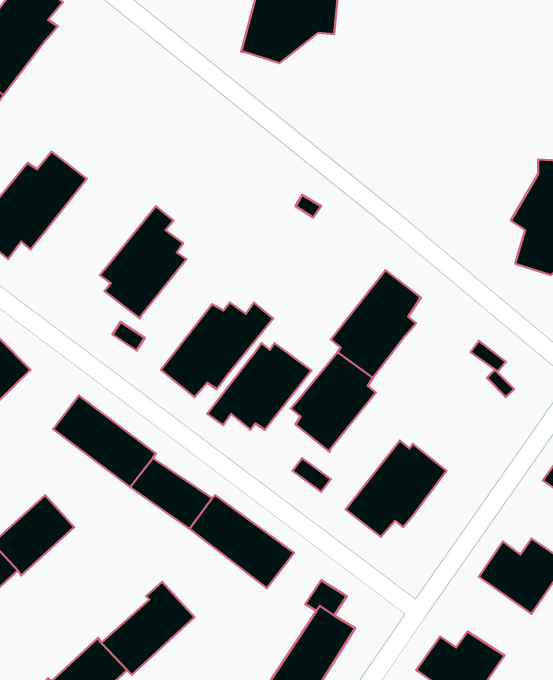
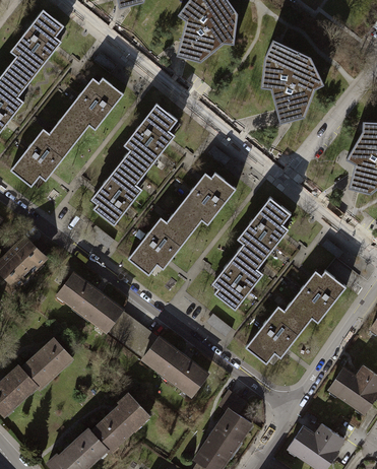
building: none -> [263,41,328,127]
building: none -> [58,76,125,138]
building: none -> [121,103,179,179]
building: [207,343,311,430] -> [171,172,237,226]
building: none -> [287,269,348,325]

